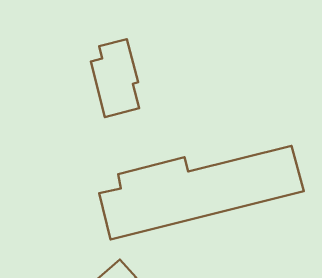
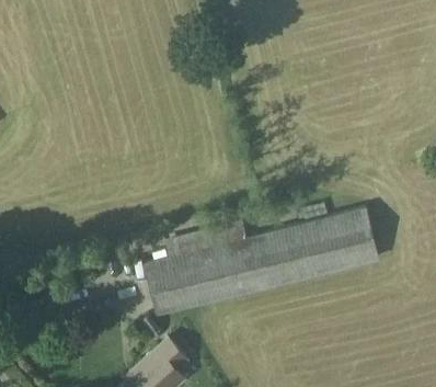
building: [91,39,139,117] -> none

